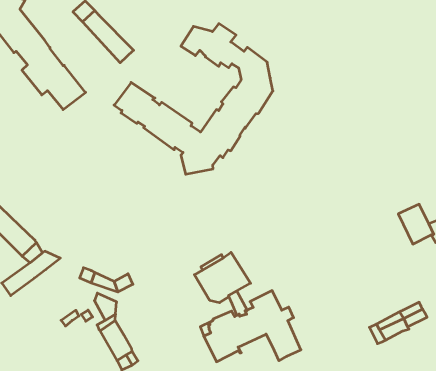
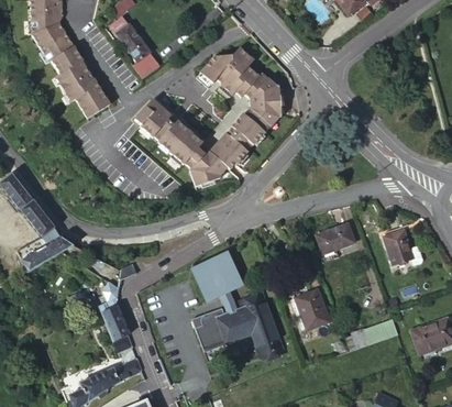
building: none -> [315,227,352,255]
building: none -> [294,290,329,331]

